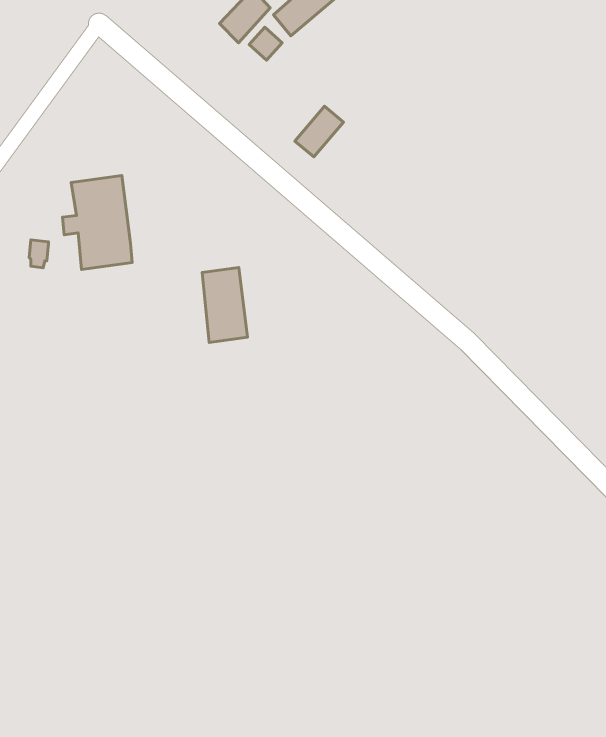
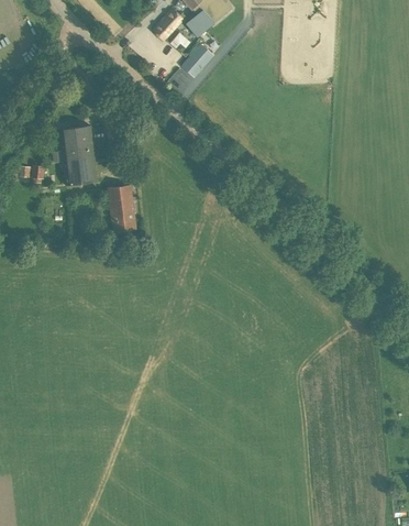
building: [295,106,344,157] -> [181,45,212,77]
building: [202,267,247,342] -> [107,185,135,232]

